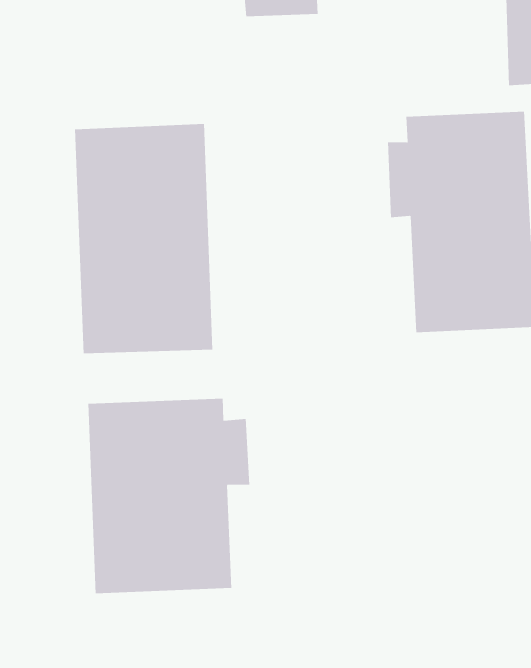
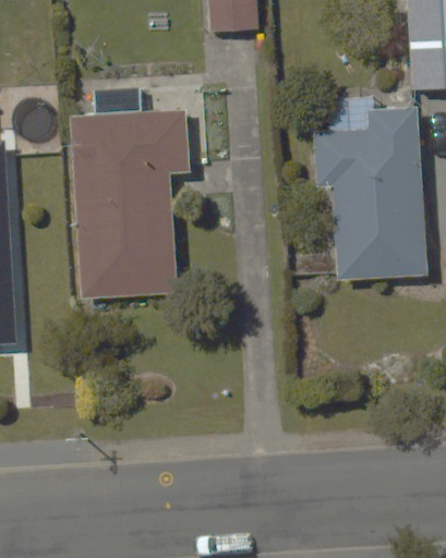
building: [88,398,250,594] -> none

